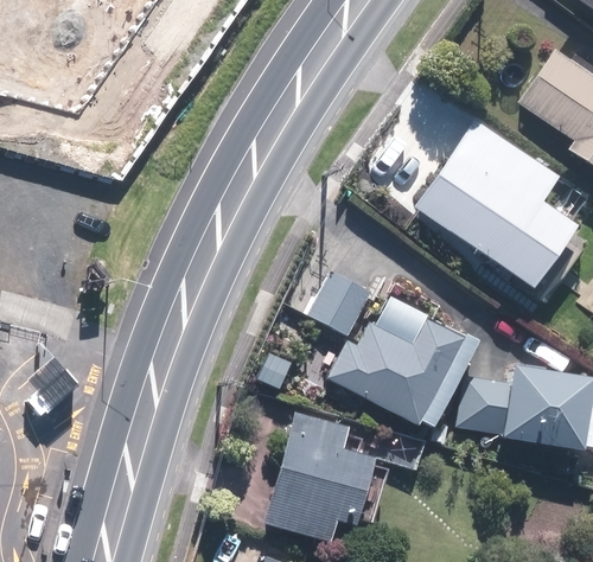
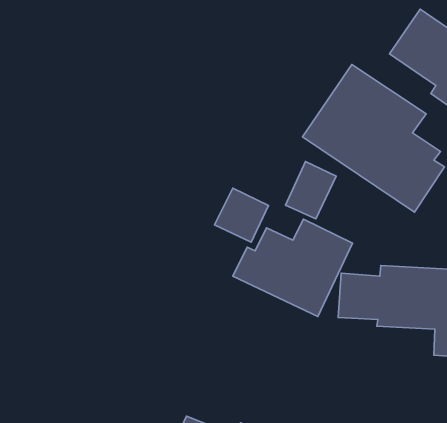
building: none -> [286,162,336,219]
building: [267,414,377,537] -> none

